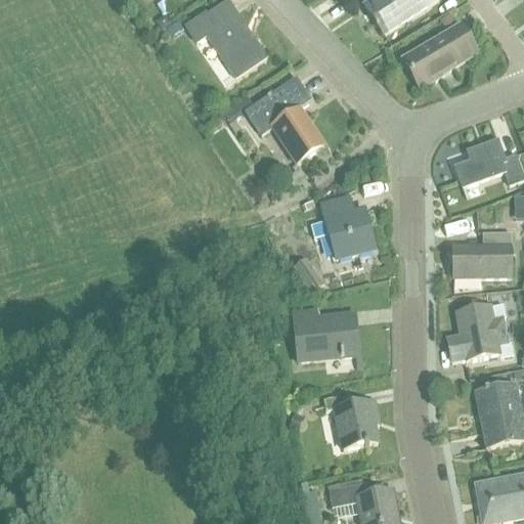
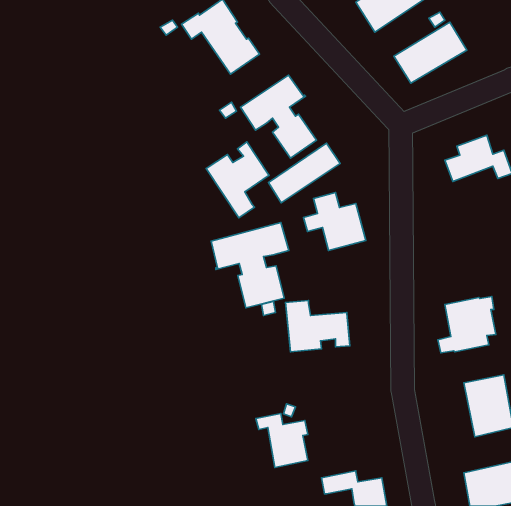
building: none -> [206,142,269,218]
building: none -> [268,143,340,203]
building: none -> [211,222,289,308]
building: [452,230,510,276] -> none
building: [323,392,377,447] -> [256,413,308,467]

